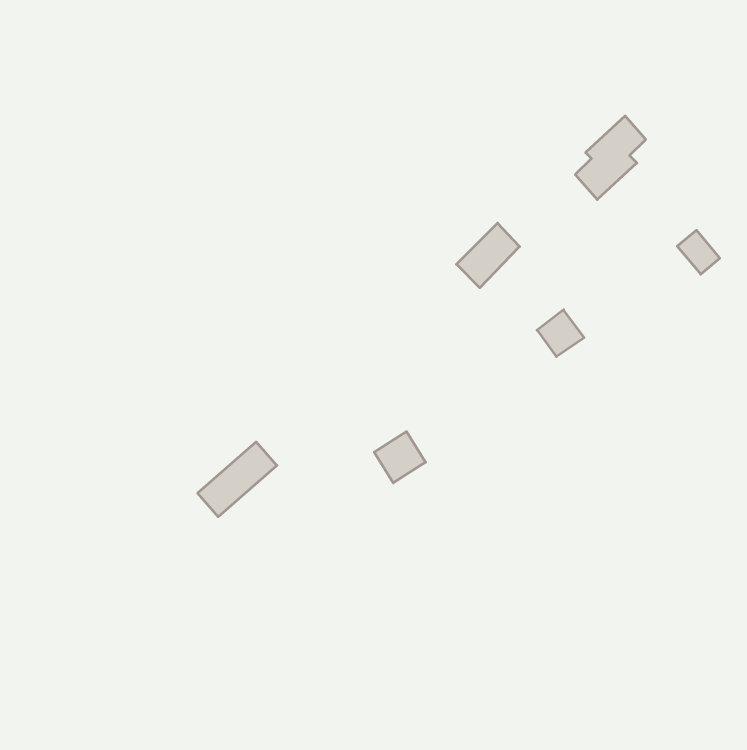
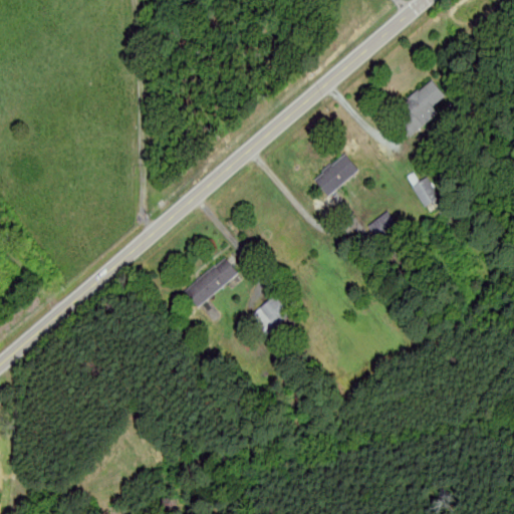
building: [677,230,720,274] -> [412,177,441,207]
building: [198,442,277,517] -> [184,257,238,308]

